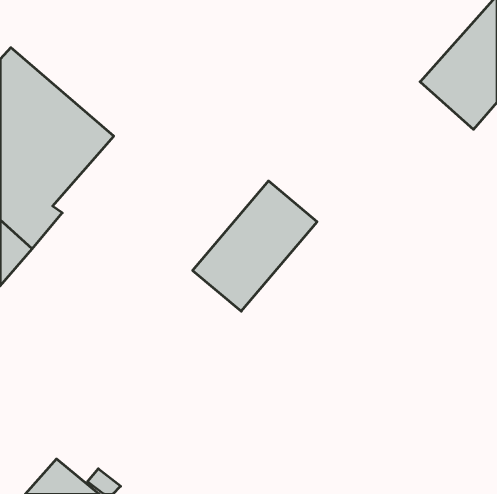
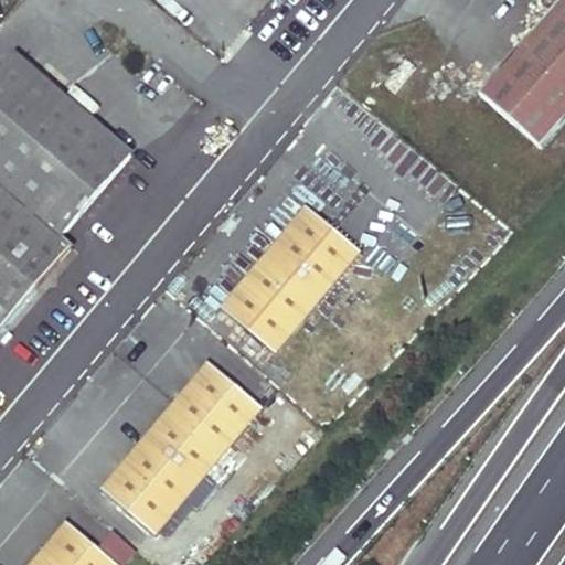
building: none -> [98,361,262,534]

